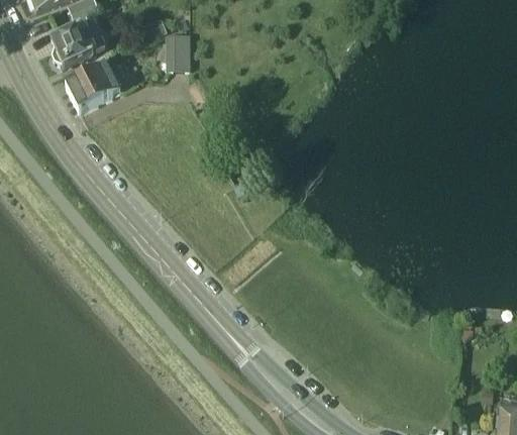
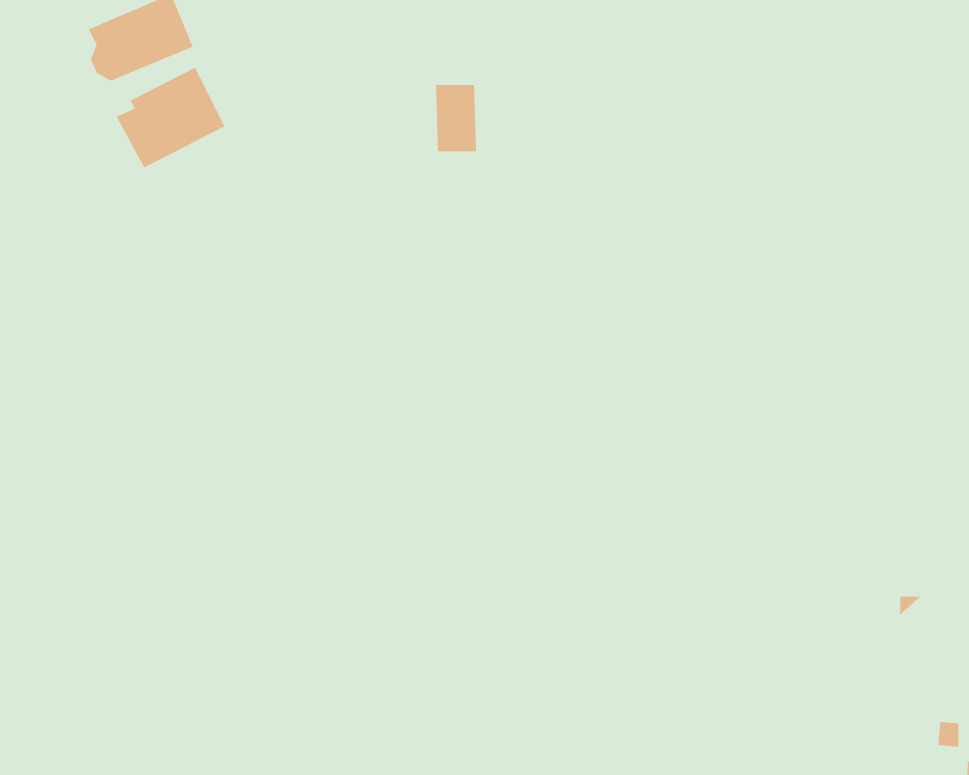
building: [169,32,190,67] -> [435,84,477,152]

